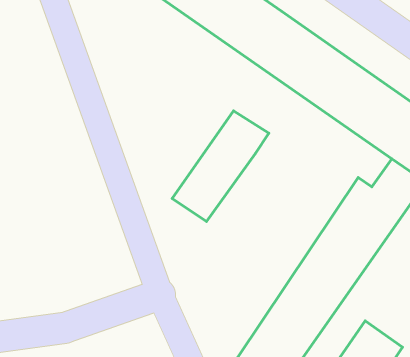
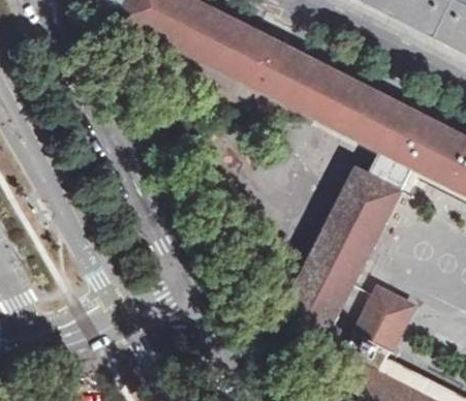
building: [172,111,269,222] -> none

